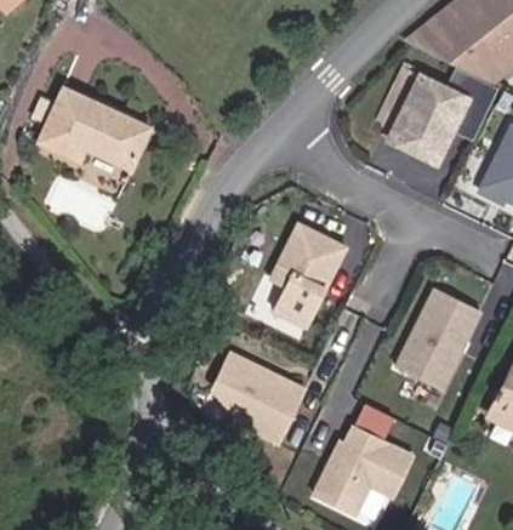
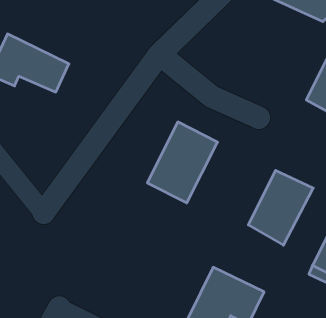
building: [387,69,475,166] -> none
building: [203,348,309,441] -> none

